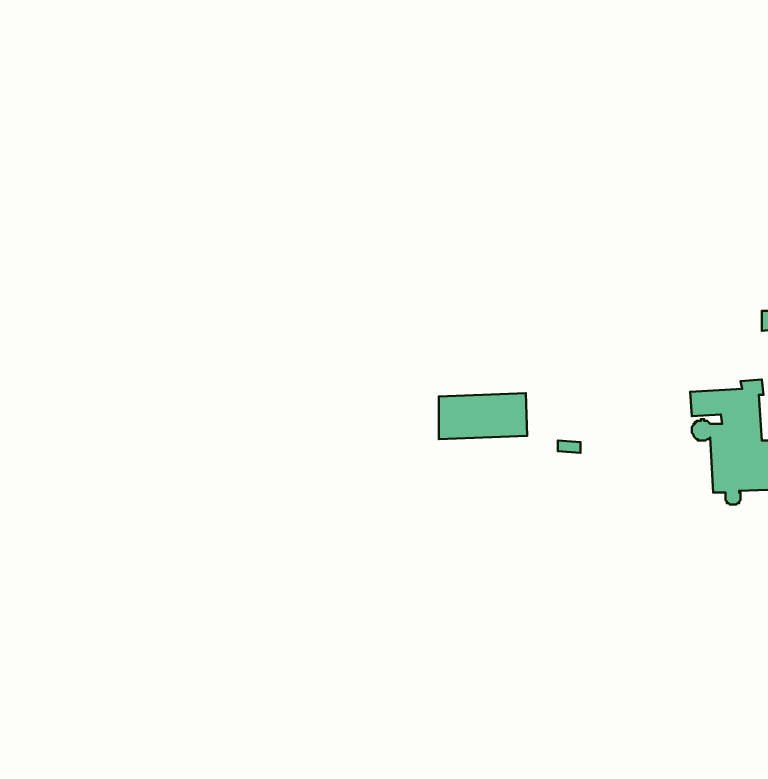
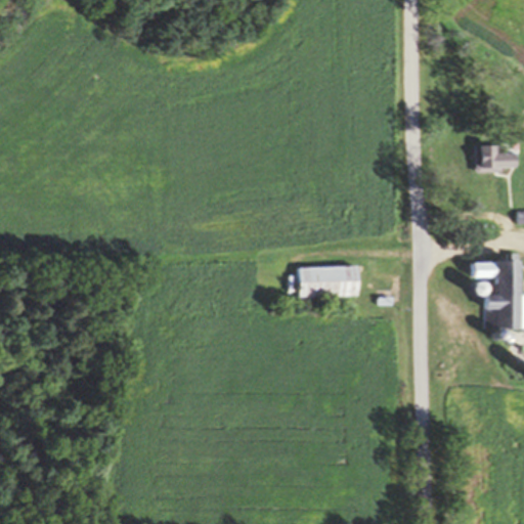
building: none -> [477,143,518,170]

